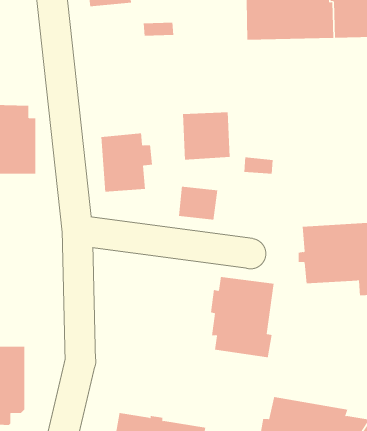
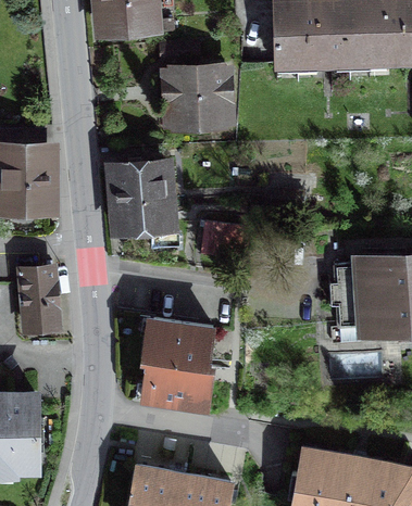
building: [182,112,231,160] -> [172,71,224,123]
building: none -> [22,268,59,329]
building: [210,276,274,358] -> [143,319,213,407]

